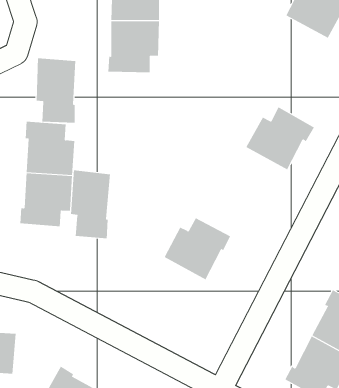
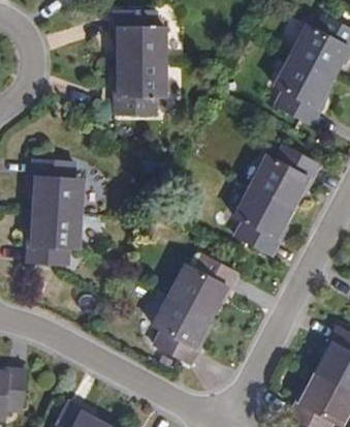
building: none -> [274,57,332,125]
building: [36,58,76,124] -> none
building: none -> [233,187,292,256]
building: [71,169,110,239] -> none
building: none -> [153,296,212,365]

